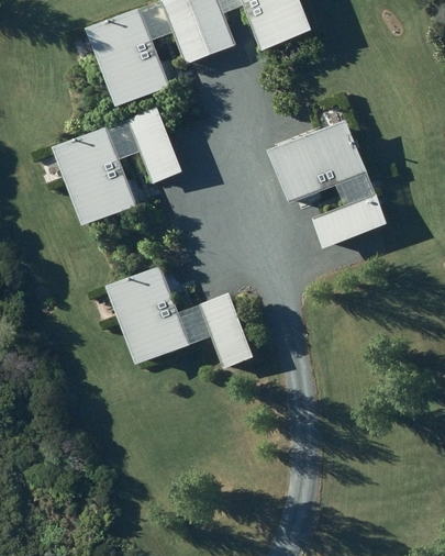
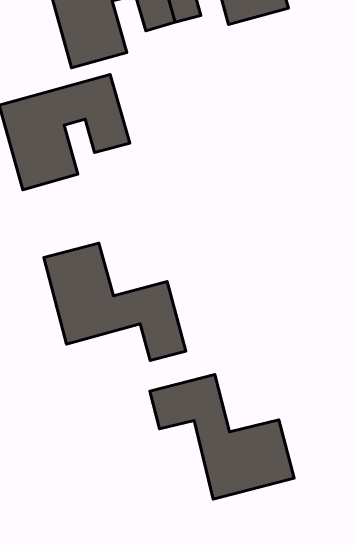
building: [268,121,385,246] -> none
building: none -> [150,375,294,499]

